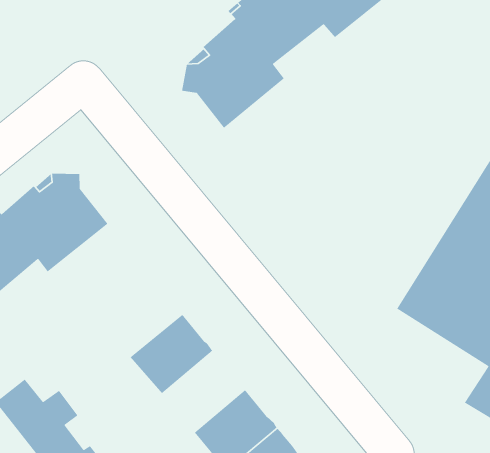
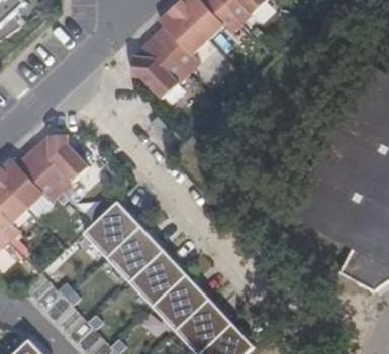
building: none -> [86,202,141,256]
building: none -> [131,248,187,304]

